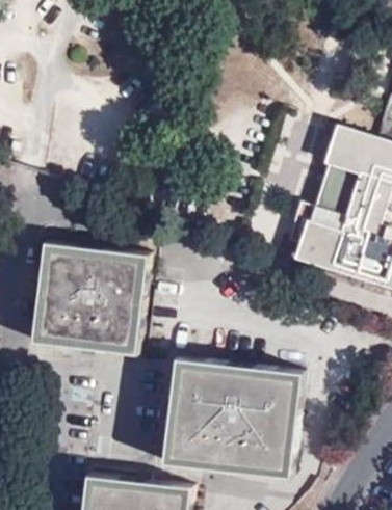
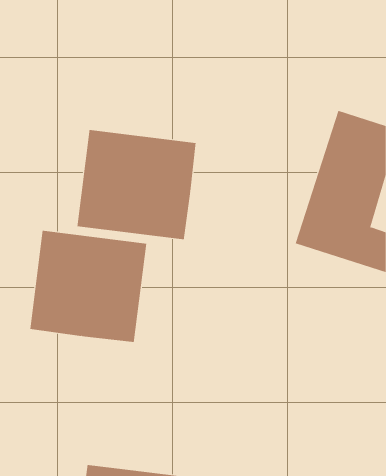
building: none -> [77,129,196,240]
building: [166,359,303,479] -> none

